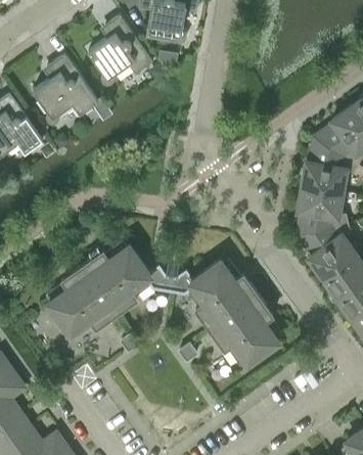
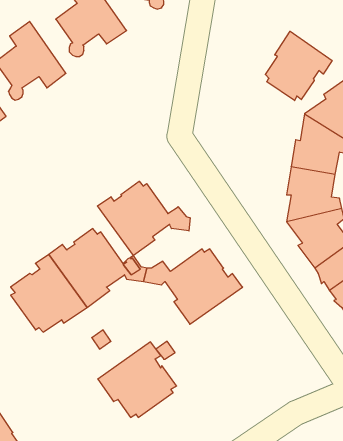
building: none -> [265,31,332,101]
building: none -> [97,181,190,256]
building: [210,295,281,364] -> [98,342,177,417]

